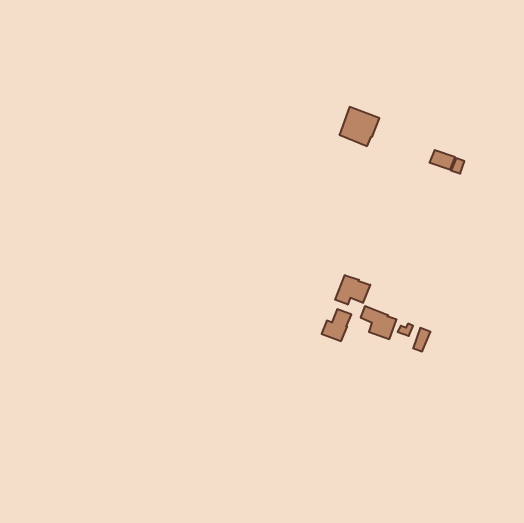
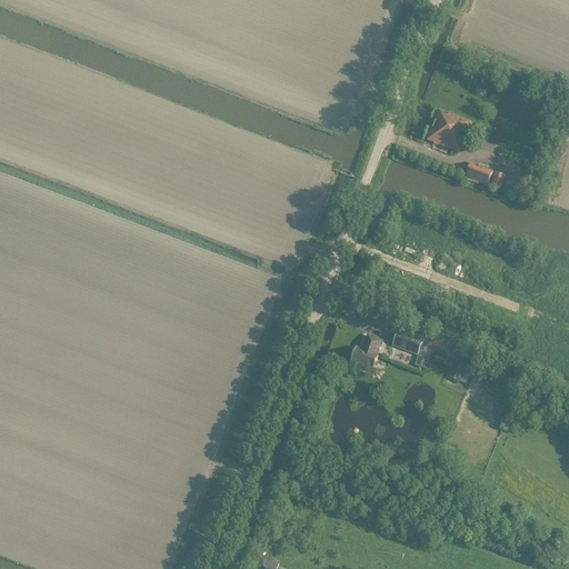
building: [339,107,379,146] -> [427,109,470,151]
building: [335,275,370,305] -> none

